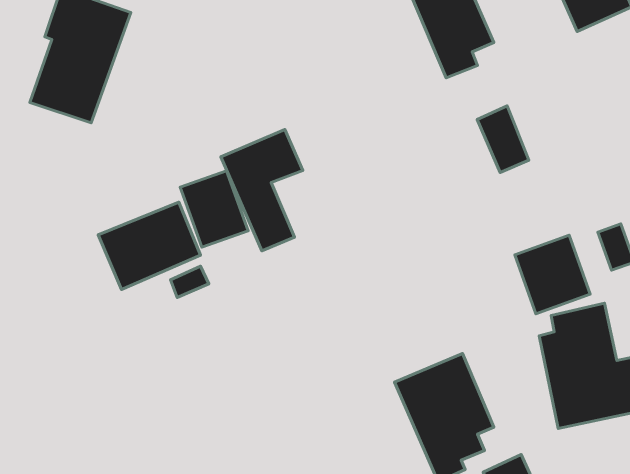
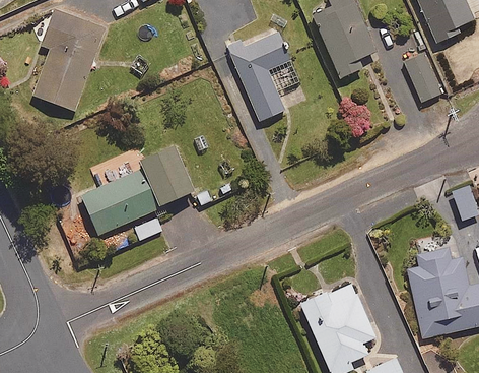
building: [477,106,529,173] -> [404,51,442,101]
building: [221,129,303,251] -> [228,29,289,120]
building: [515,235,590,314] -> none

